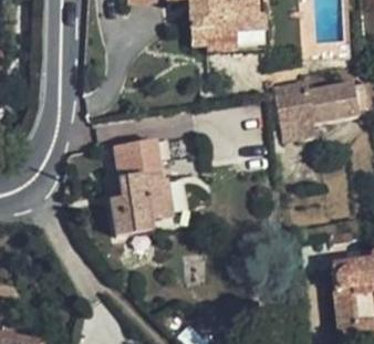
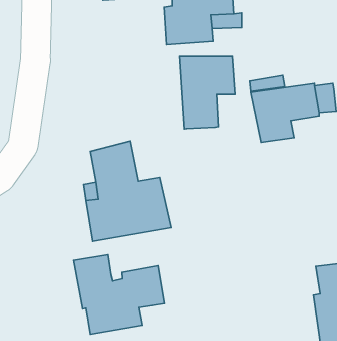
building: none -> [179,56,235,129]
building: none -> [74,254,164,334]

